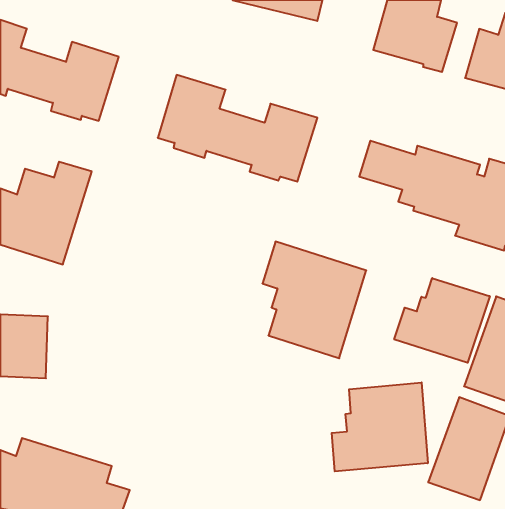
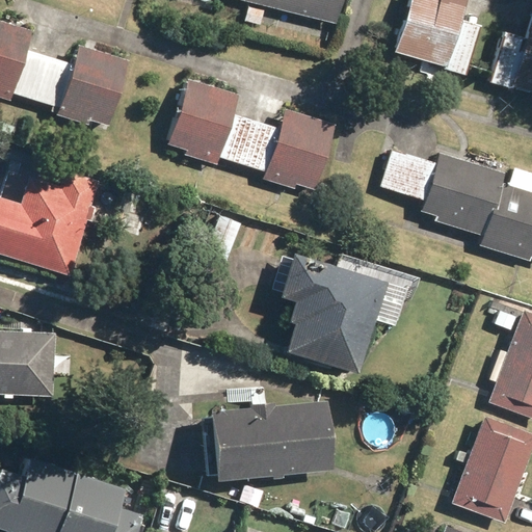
building: [394,278,490,363] -> none
building: [332,382,428,471] -> none
building: none -> [209,401,334,480]

